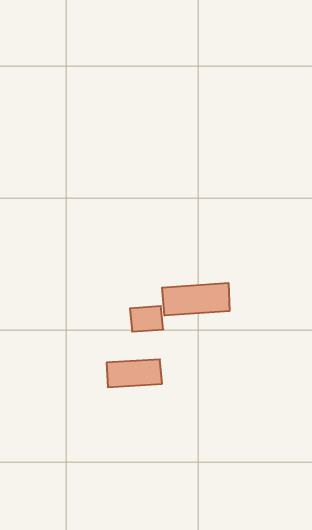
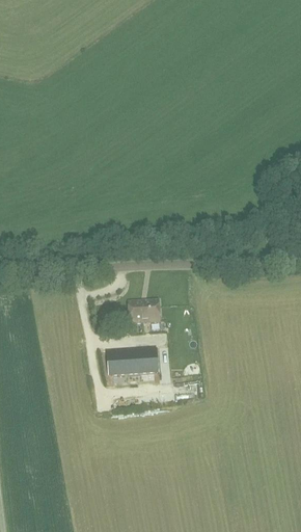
building: [162,283,229,316] -> none

